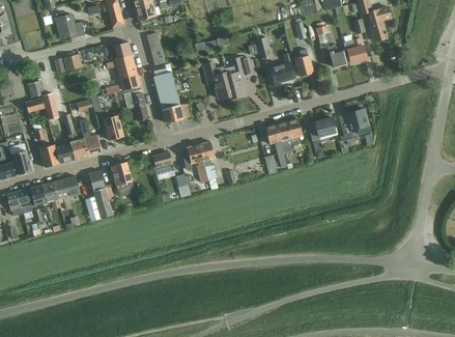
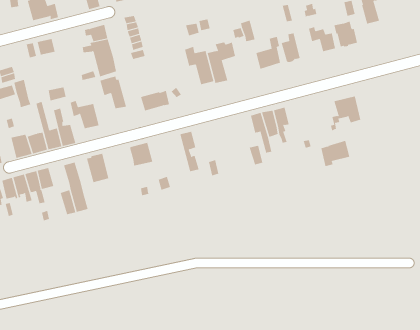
building: [153,72,180,109] -> none
building: [308,116,336,141] -> [320,140,350,167]
building: [182,144,208,181] -> none

